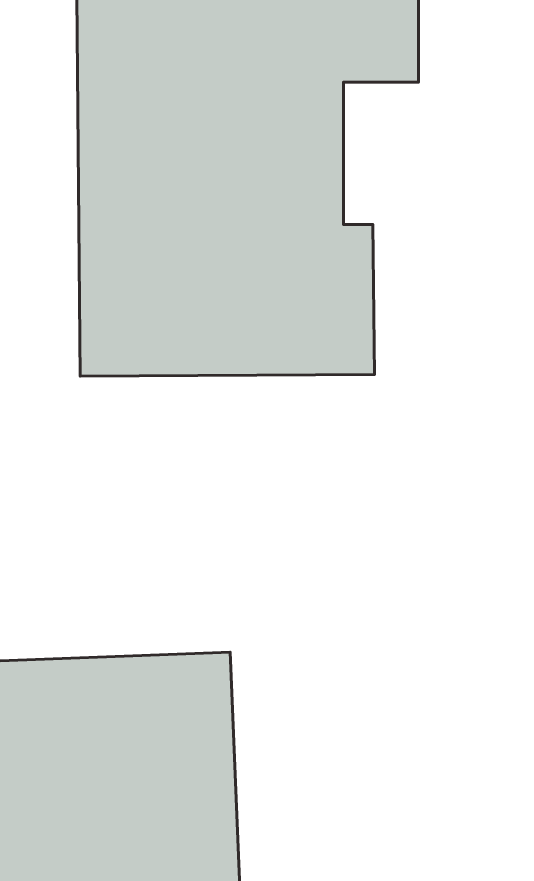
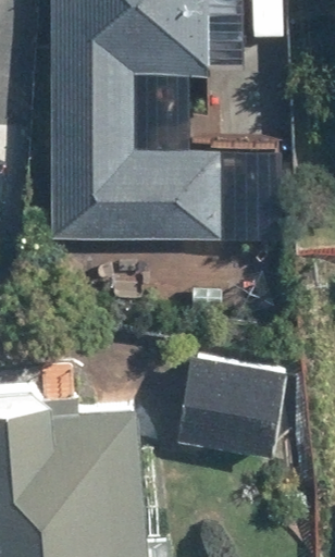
building: none -> [181,350,287,453]

